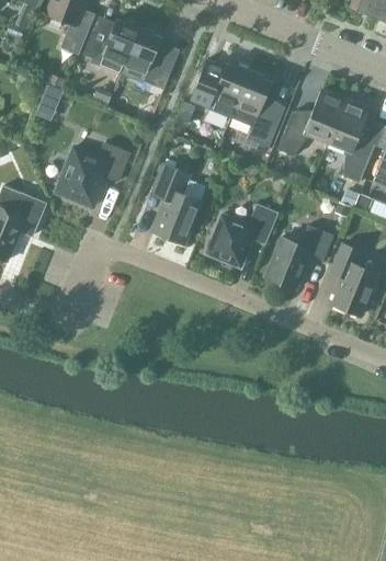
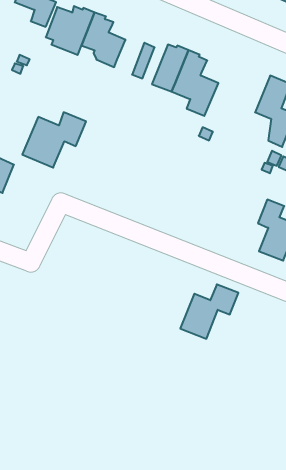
building: [276,90,344,156] -> none
building: [151,163,200,244] -> none
building: [205,204,277,267] -> none
building: [264,226,332,289] -> [180,284,238,339]

